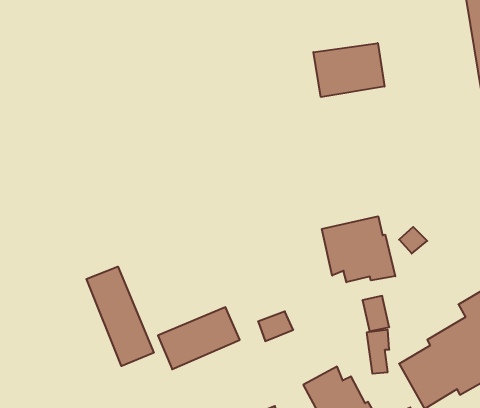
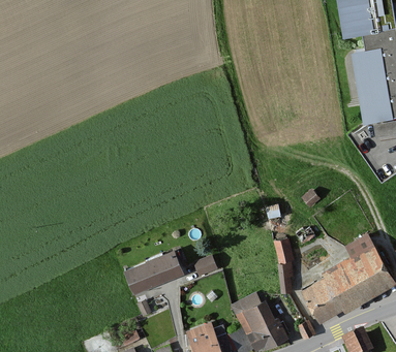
building: [313,43,384,97] -> none
building: [322,216,395,282] -> none
building: [86,267,154,366] -> none

